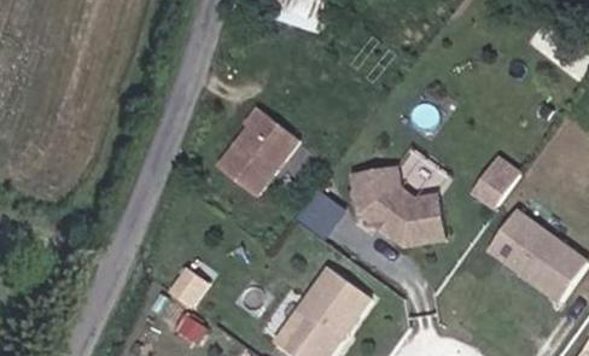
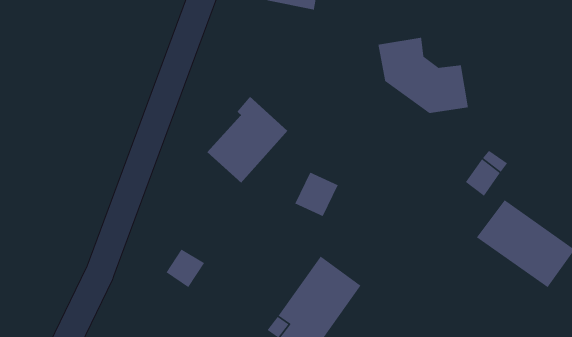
building: [350,169,442,246] -> [377,37,469,114]

